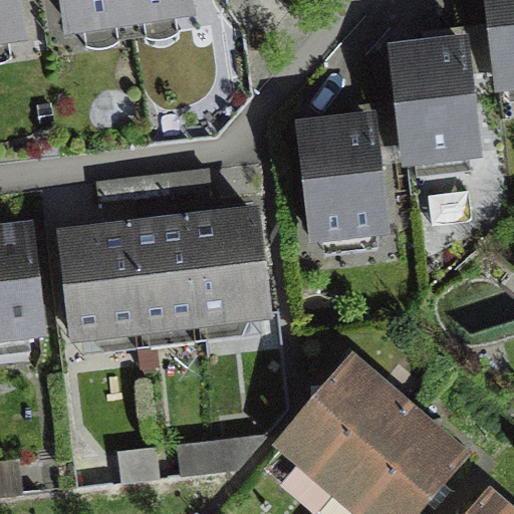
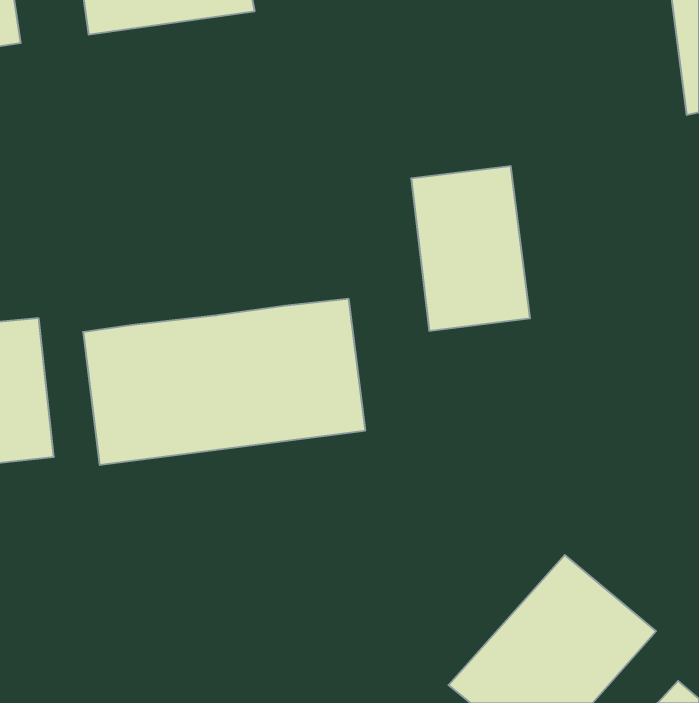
building: [392,42,475,161] -> none
building: [274,357,410,497] -> none

